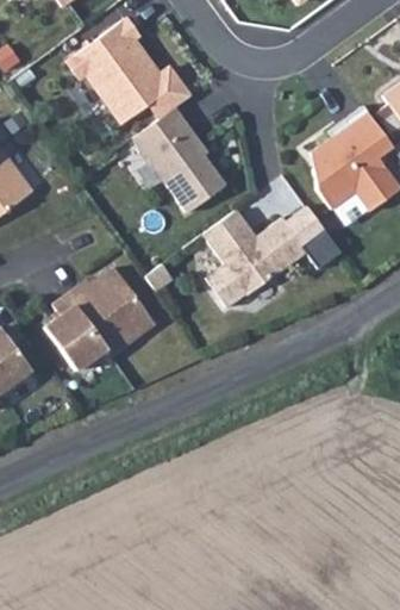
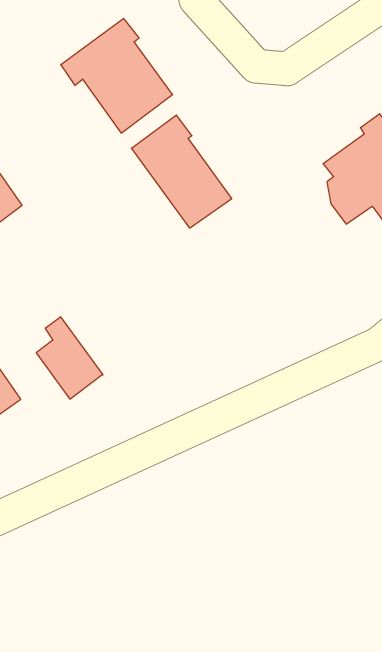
building: [204,205,326,306] -> none
building: [68,267,155,355] -> none

